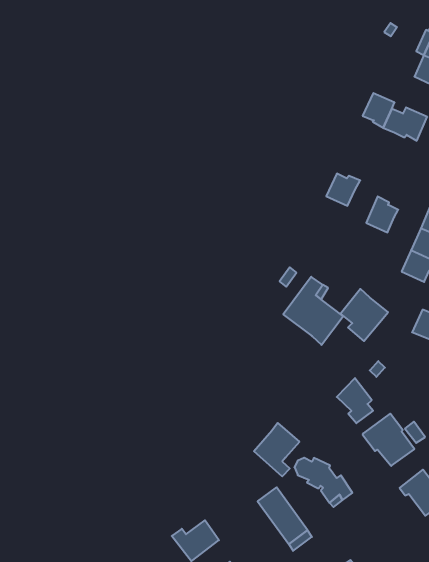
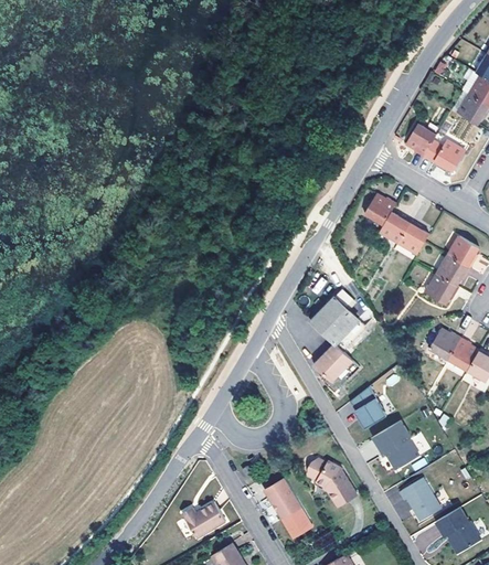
building: none -> [378,212,410,244]
building: [340,289,388,341] -> [313,343,358,392]
building: [254,423,299,476] -> none

